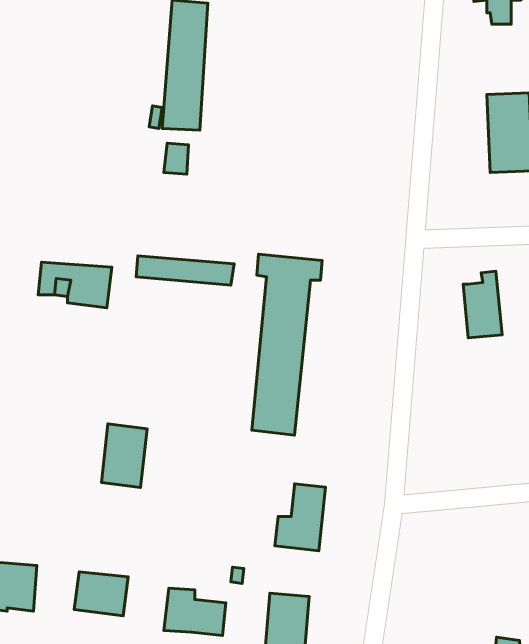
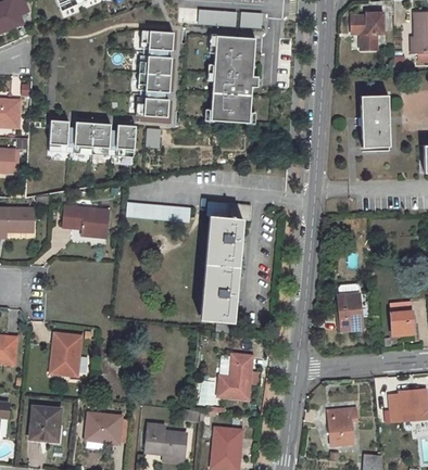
building: none -> [211,37,256,124]
building: none -> [50,120,137,150]
building: [463,271,502,338] -> [337,285,363,330]
building: [101,424,147,487] -> [50,332,80,374]
building: none -> [327,407,356,445]

